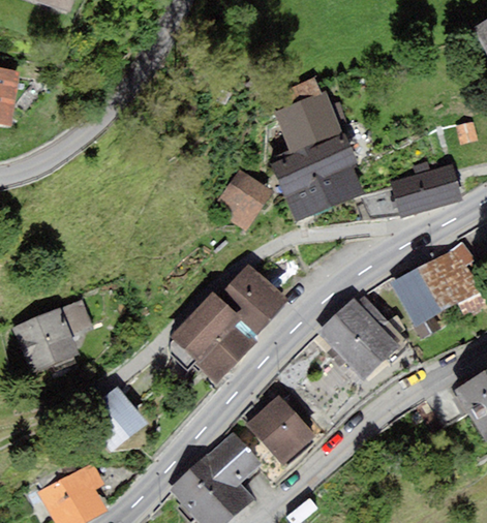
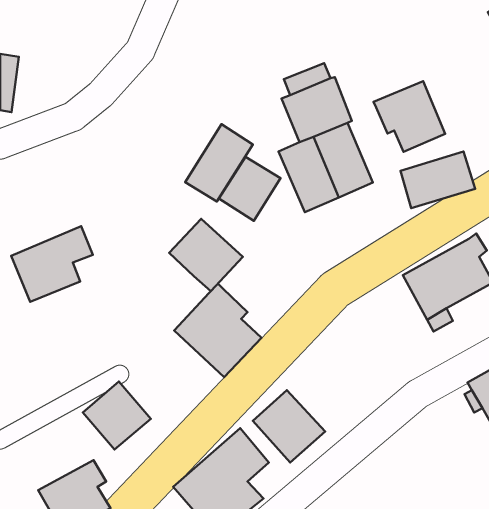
building: none -> [374,81,445,152]
building: none -> [185,124,253,201]
building: [217,264,288,334] -> [169,219,243,291]
building: [316,296,405,379] -> none
building: [13,300,93,373] -> [11,226,93,302]

